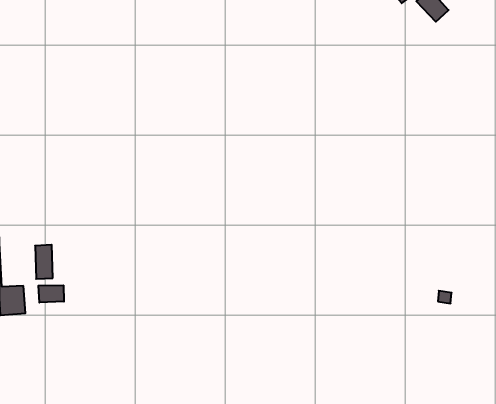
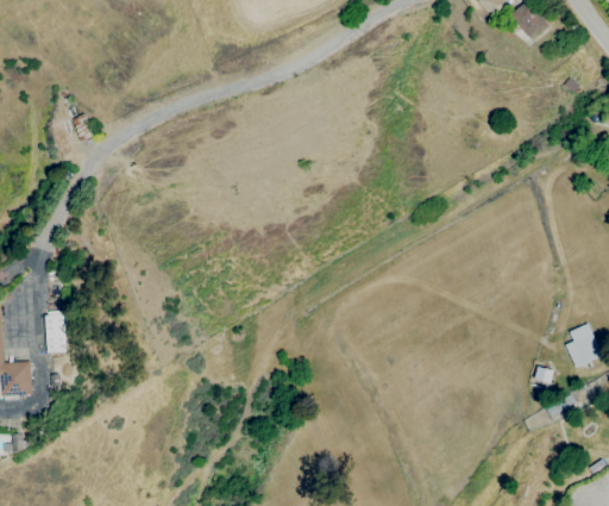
building: none -> [565,324,599,366]
building: [38,285,64,303] -> none

